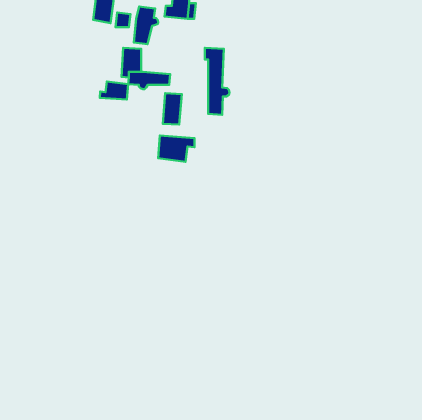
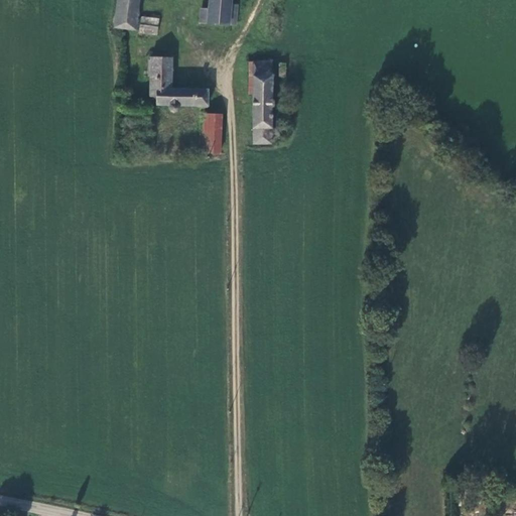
building: [134,6,158,44] -> none
building: [100,82,128,100] -> none
building: [158,136,195,162] -> none

